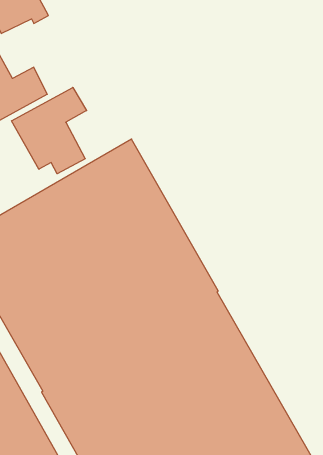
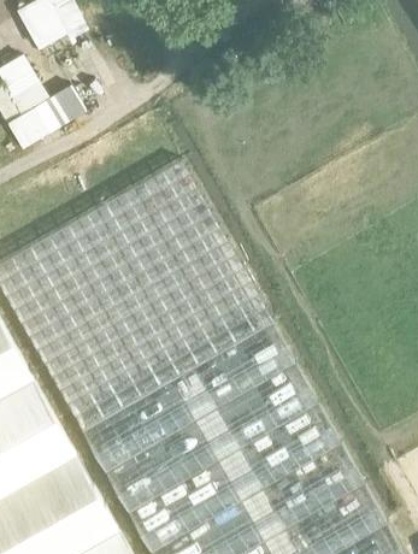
building: [12,87,87,174] -> none

